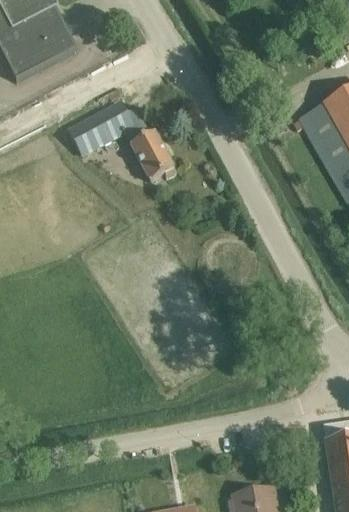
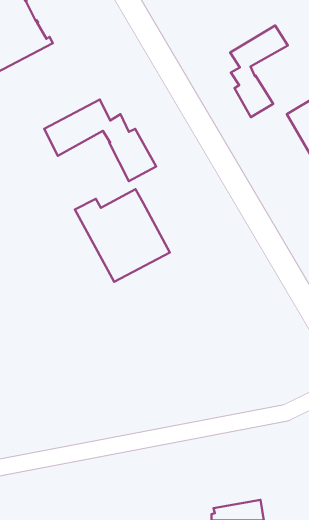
building: none -> [230,26,288,117]
building: none -> [75,189,170,282]

